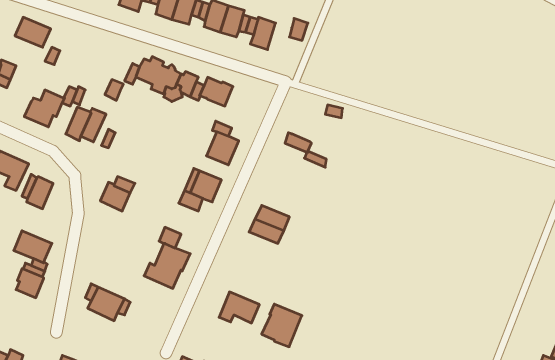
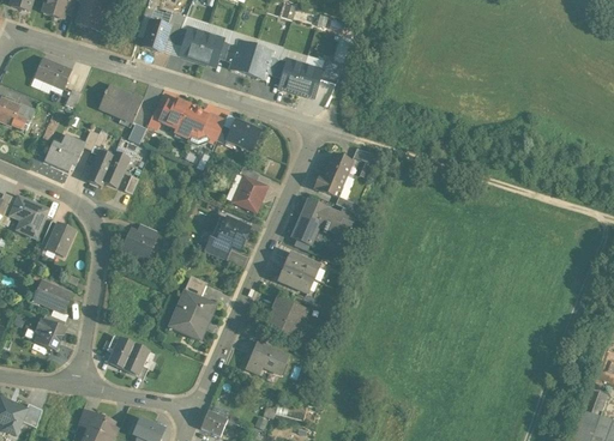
building: none -> [296,64,321,96]
building: none -> [98,85,142,122]
building: none -> [321,153,351,187]
building: none -> [291,201,341,244]
building: [262,304,302,347] -> [264,297,306,342]

